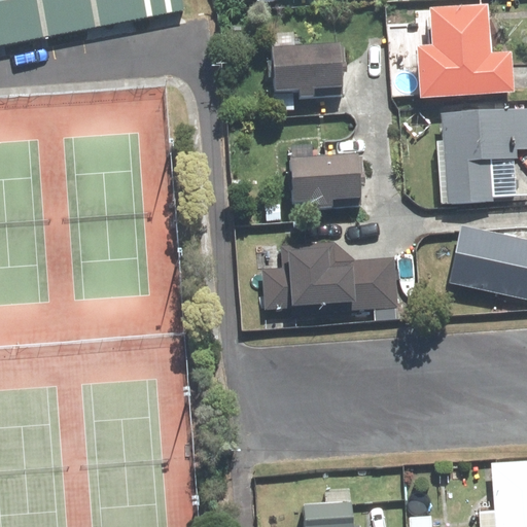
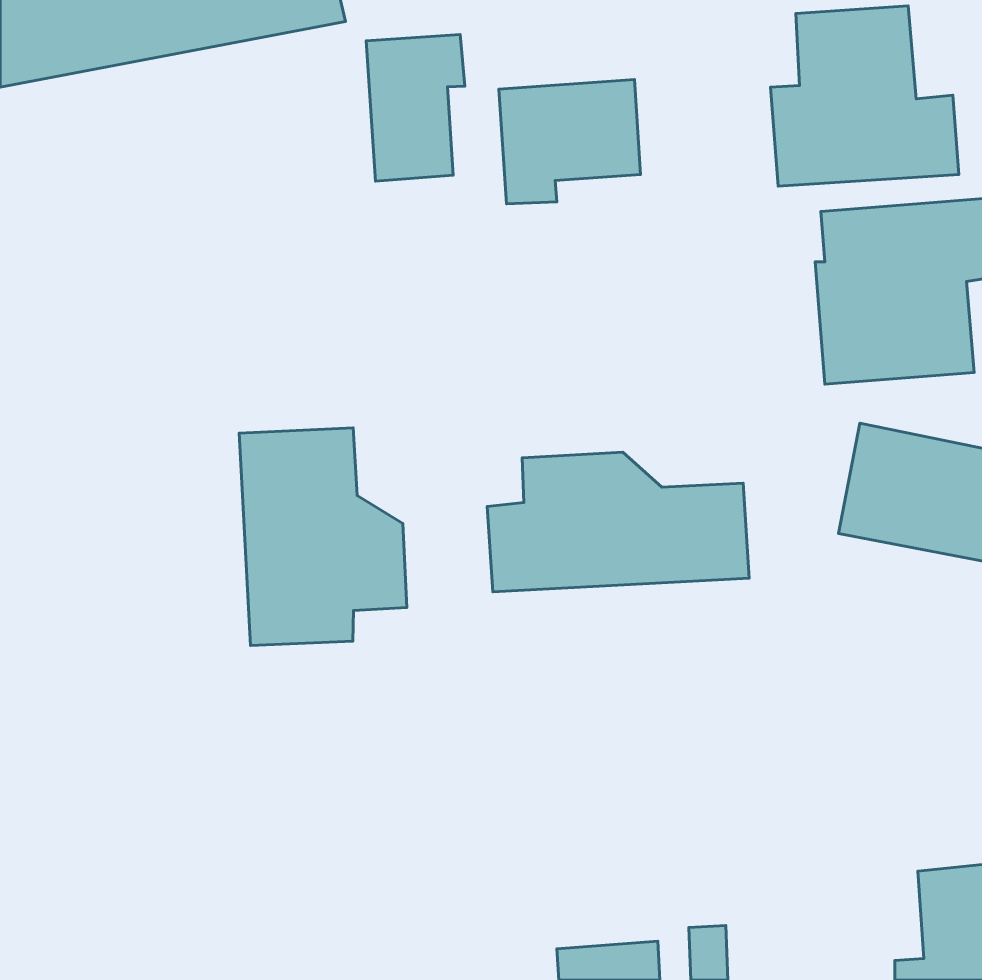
building: none -> [366,34,465,181]
building: [288,153,363,209] -> none
building: none -> [239,428,407,646]

